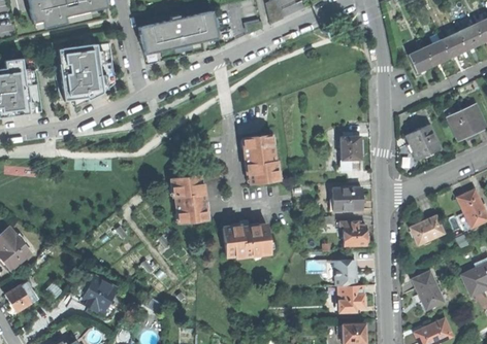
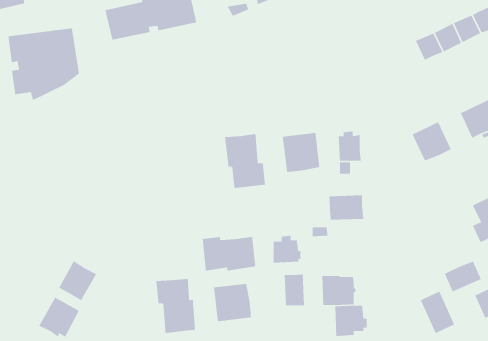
building: none -> [282,132,320,173]
building: [171,174,206,222] -> [155,278,196,334]
building: [411,216,444,244] -> [444,260,482,292]
building: [345,219,369,244] -> [273,235,301,263]
building: none -> [58,260,97,301]
building: none -> [284,274,305,306]
building: none -> [213,283,252,322]

